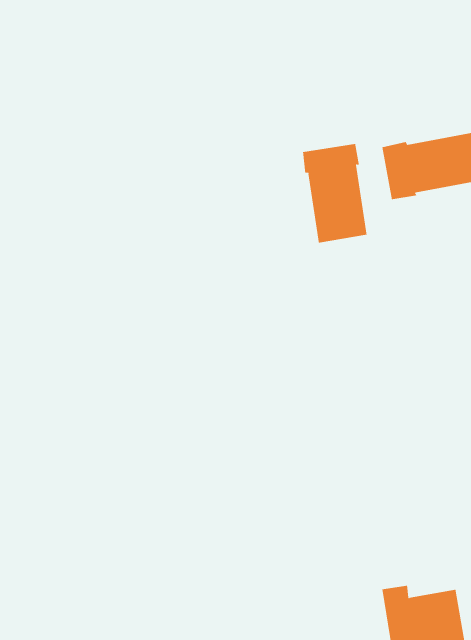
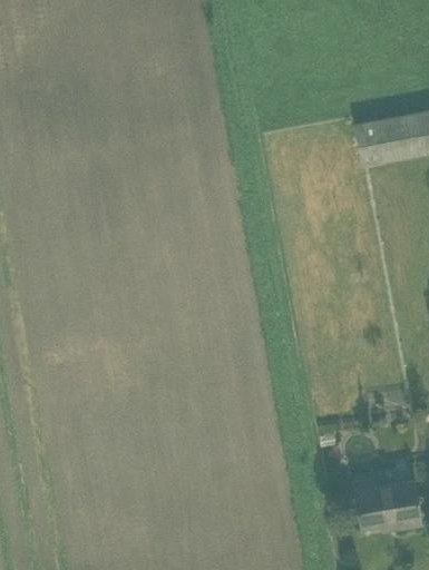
building: [302,143,367,243] -> none

